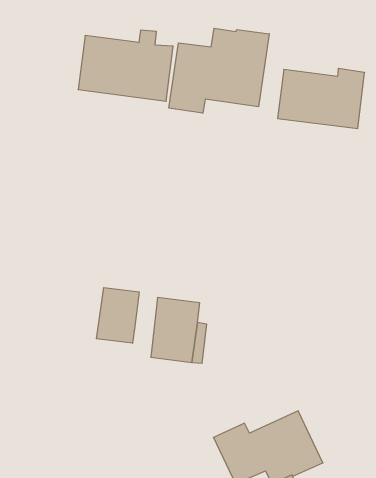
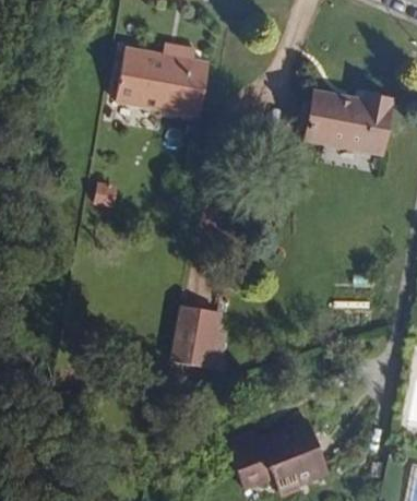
building: [169,28,269,113] -> none
building: [96,288,139,343] -> none

